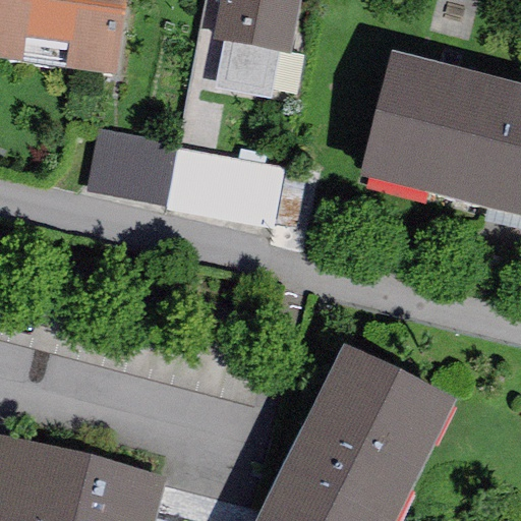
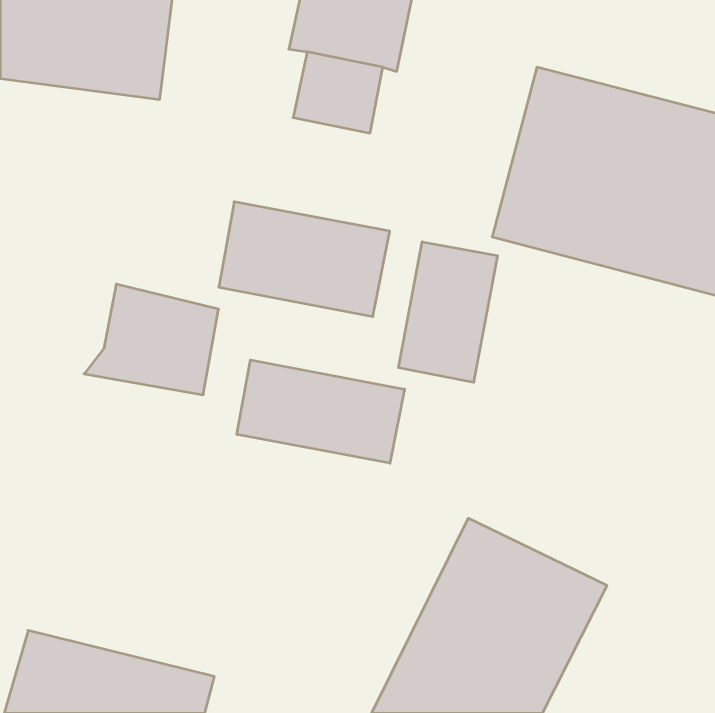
building: [73,128,171,209] -> [84,284,219,395]
building: none -> [399,242,498,382]
building: none -> [237,360,405,463]

